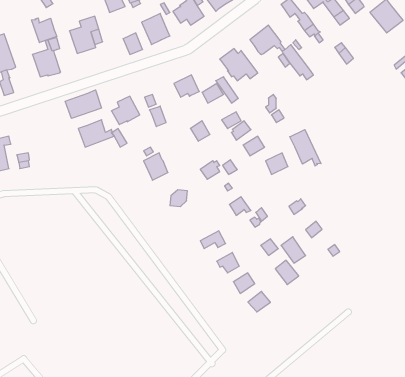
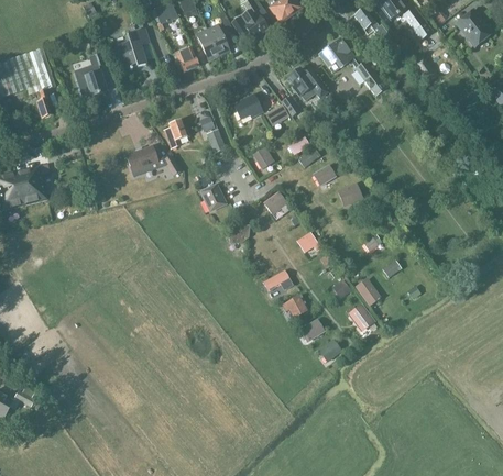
building: [31,18,57,43] -> none
building: [65,90,101,118] -> none
building: [290,130,321,166] -> none

